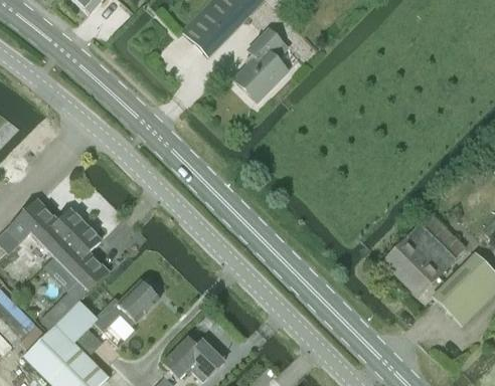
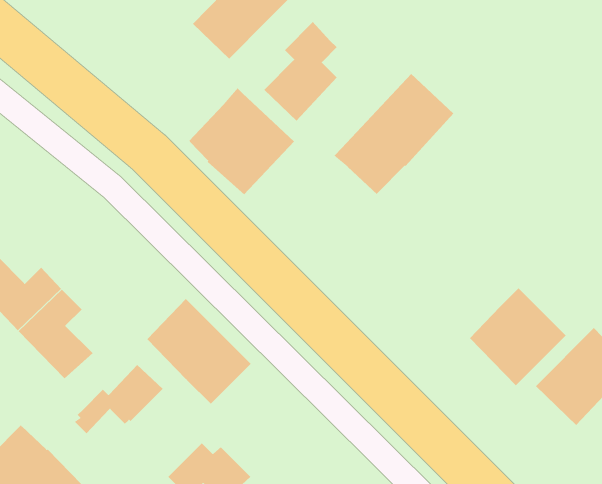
building: none -> [334,73,454,195]
building: none -> [188,88,295,195]
building: none -> [147,298,252,405]
building: [55,301,98,342] -> none

